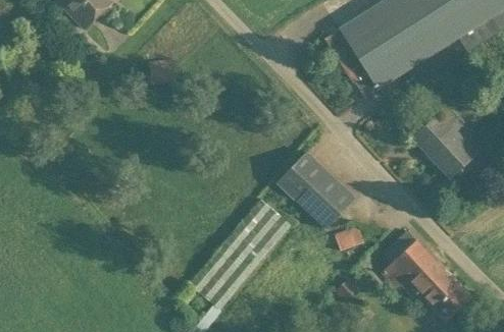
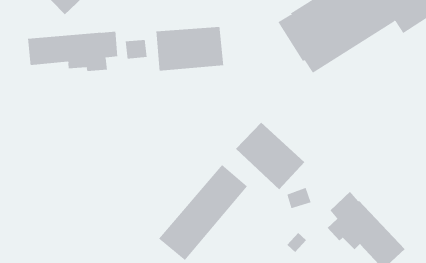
building: none -> [156,26,224,71]
building: none -> [27,31,118,72]
building: [415,109,476,176] -> none

